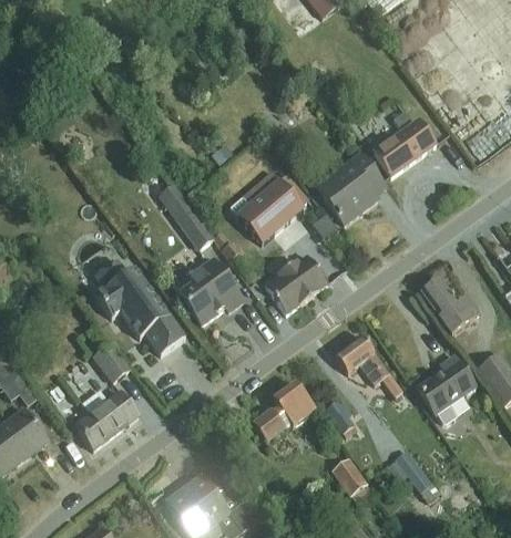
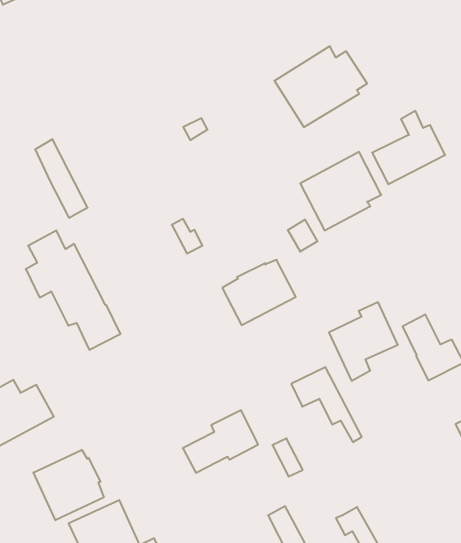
building: [231,170,309,242] -> [274,46,367,127]
building: [160,188,212,252] -> [35,139,88,218]
building: [173,263,241,329] -> none
building: [90,344,129,384] -> none
building: [417,354,477,424] -> [329,302,398,381]
building: none -> [33,450,104,520]

